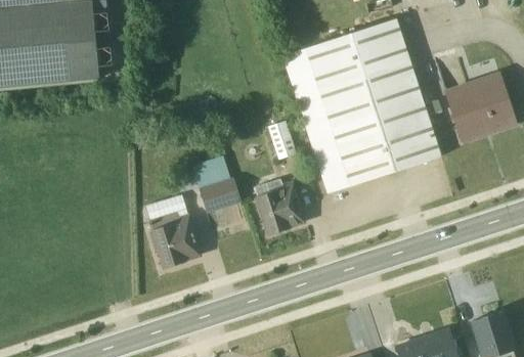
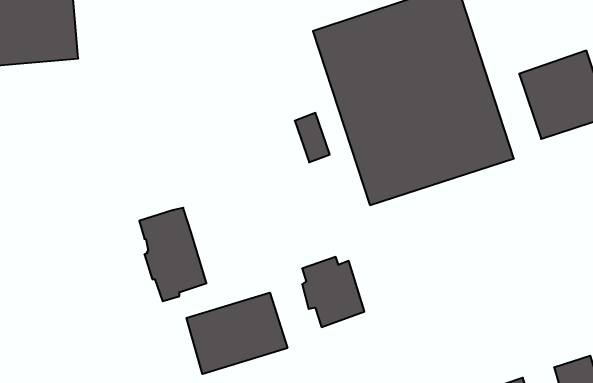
building: [192,157,242,215] -> none
building: [254,179,303,234] -> [302,257,364,327]
building: none -> [186,293,287,374]

